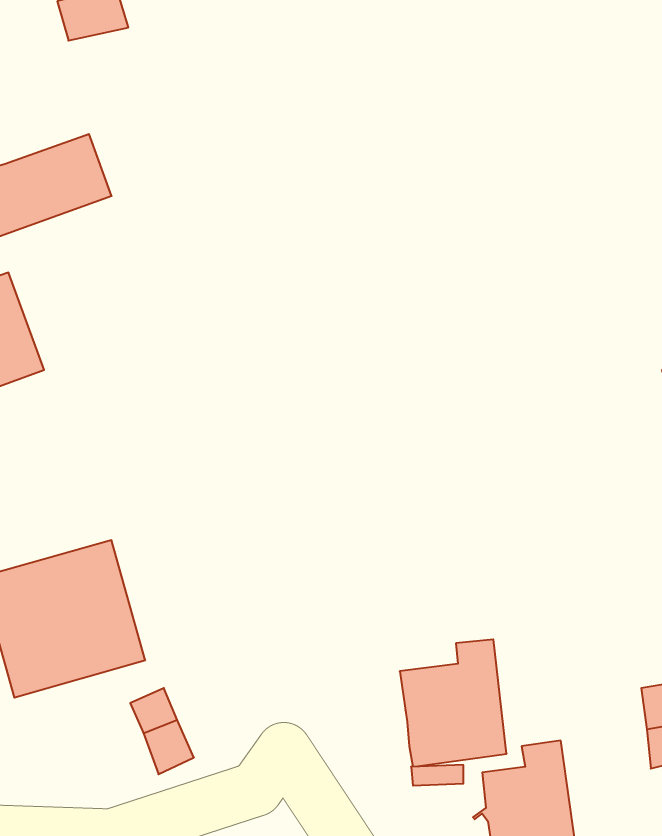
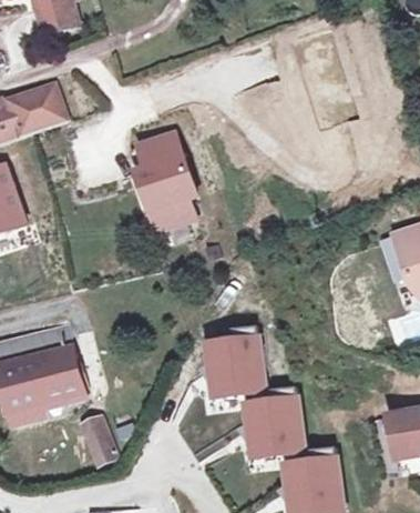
building: none -> [130,132,198,227]
building: none -> [203,324,264,394]

